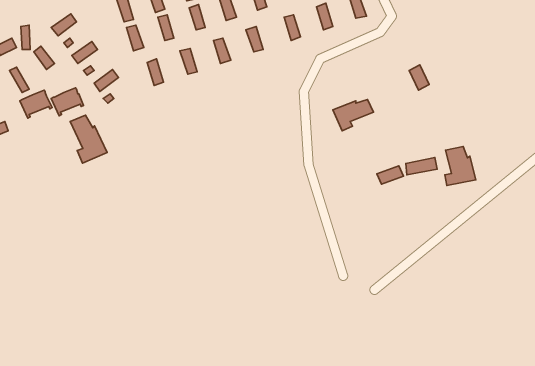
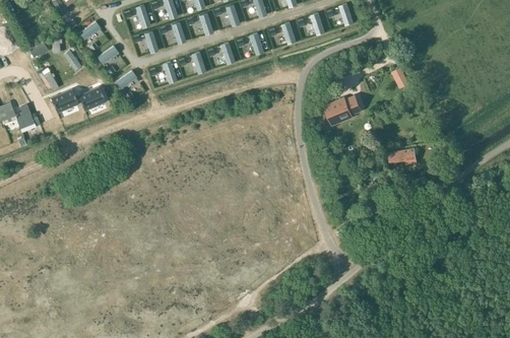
building: [70,115,107,163] -> none
building: [445,147,476,186] -> none

